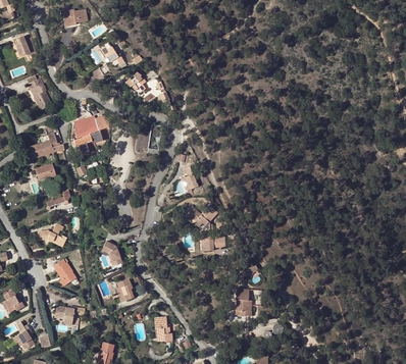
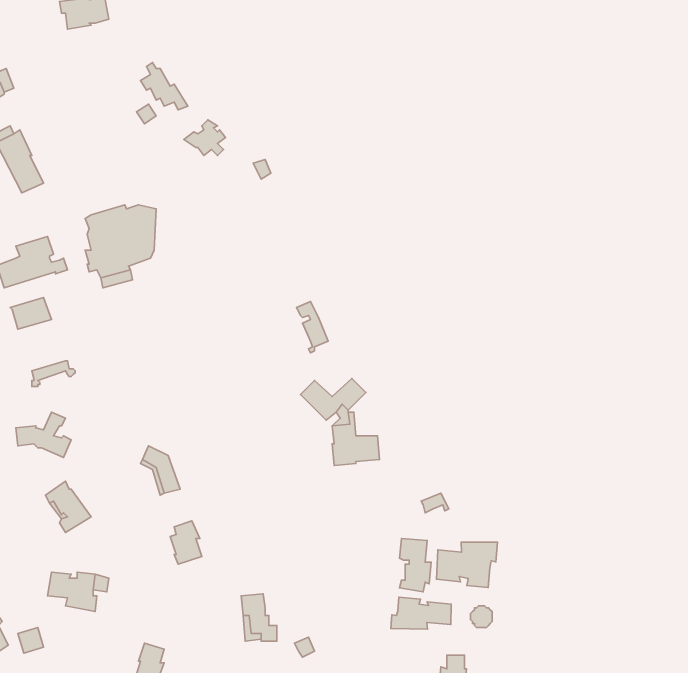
building: none -> [437,542,497,587]
building: none -> [391,597,451,629]

